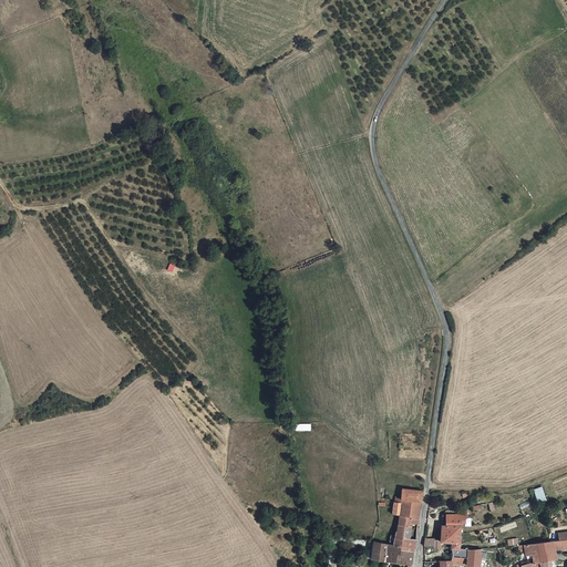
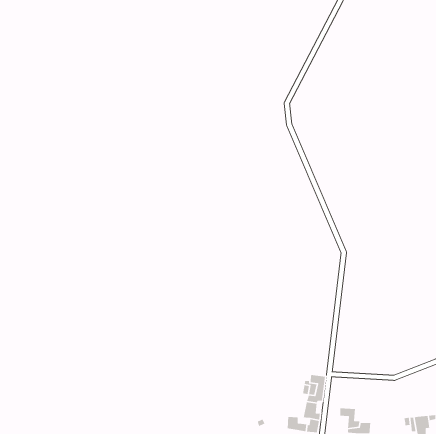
building: [441,509,470,533] -> none

